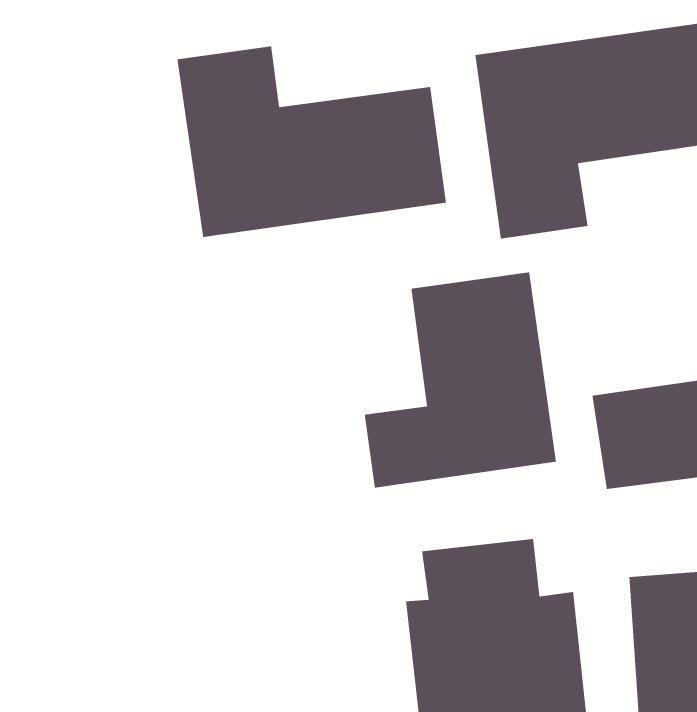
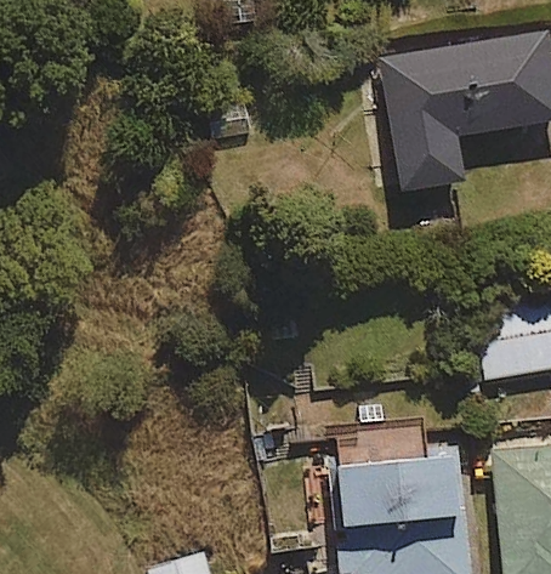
building: [177,46,447,238] -> none
building: [364,272,557,488] -> none

